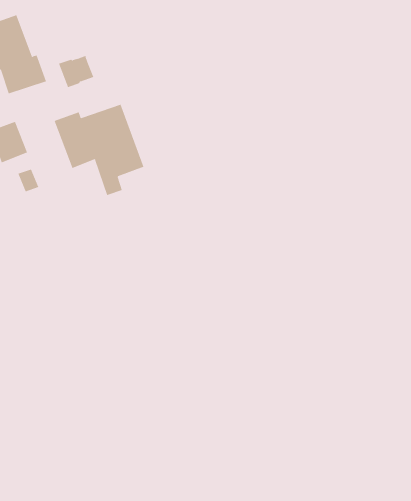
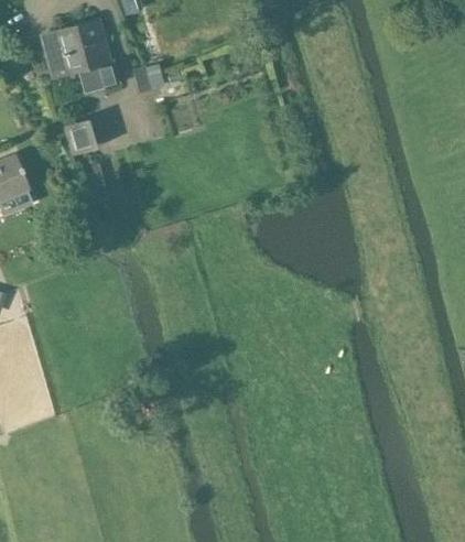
building: [54,104,144,196] -> none

